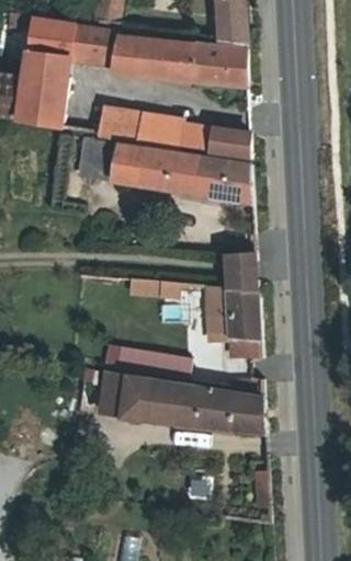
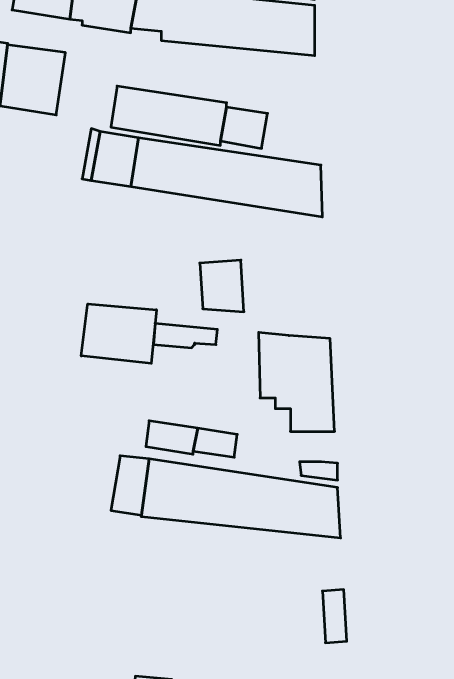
building: [25,53,70,83] -> none
building: [208,127,251,159] -> none
building: [226,252,258,289] -> [200,260,244,312]
building: none -> [81,304,156,363]

